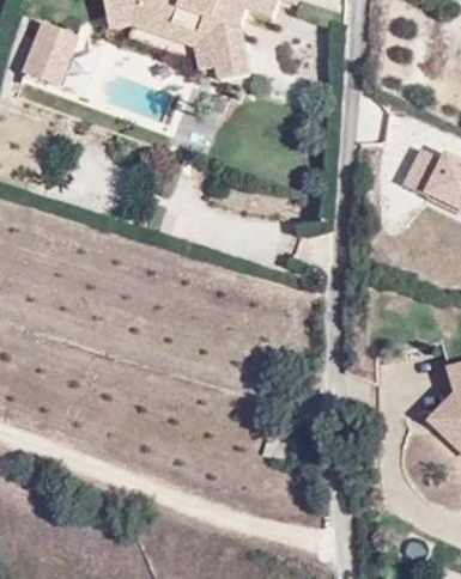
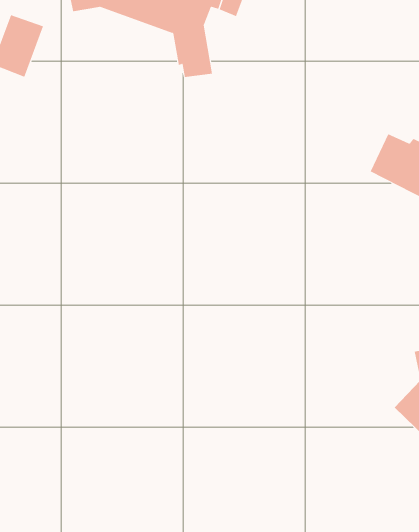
building: [105,13,212,74] -> none

